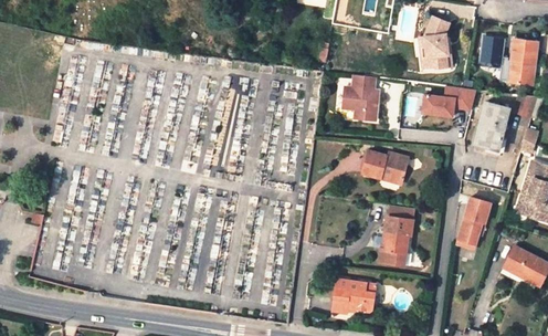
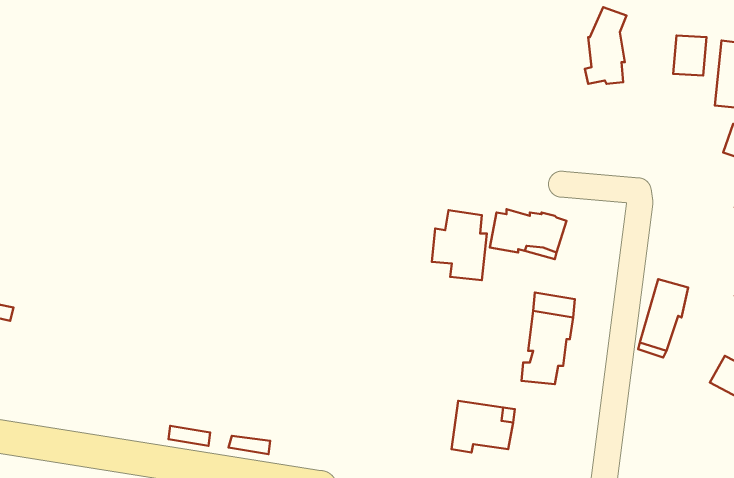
building: [342,75,379,122] -> [432,210,487,280]
building: [422,87,473,116] -> none
building: [475,104,510,151] -> none

